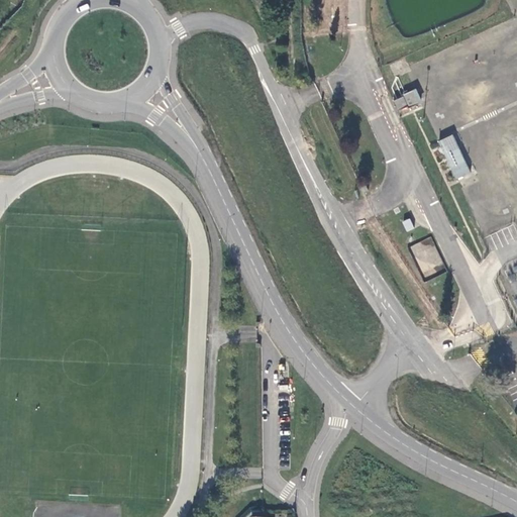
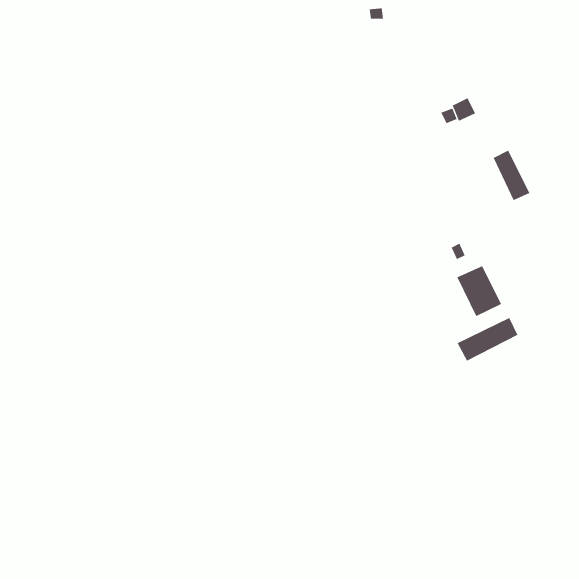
building: none -> [457,317,518,362]

